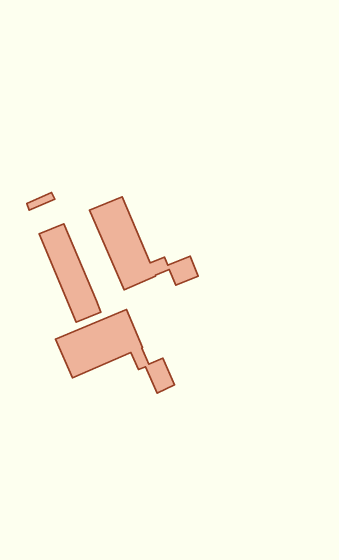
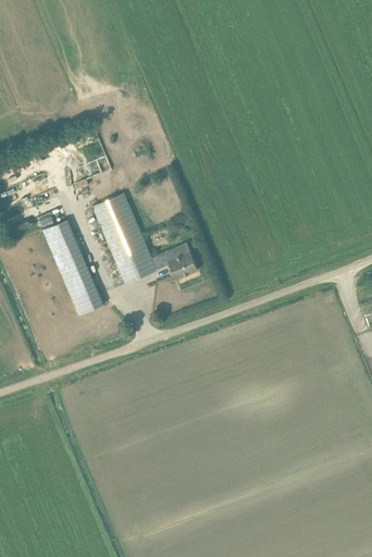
building: [55,310,175,393] -> none

